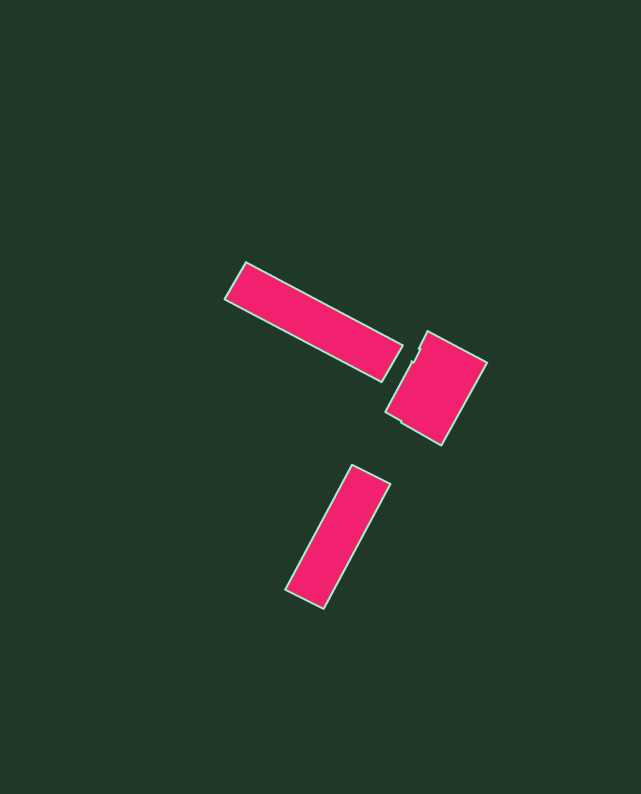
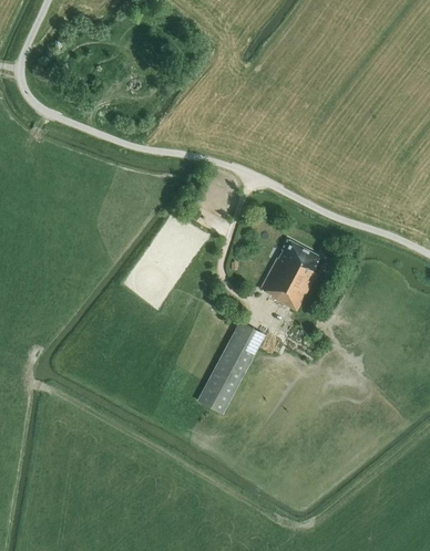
building: [225,262,403,382] -> none

